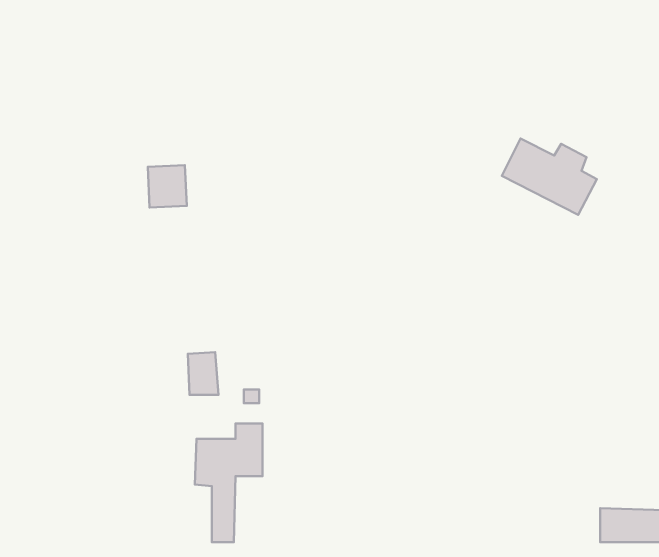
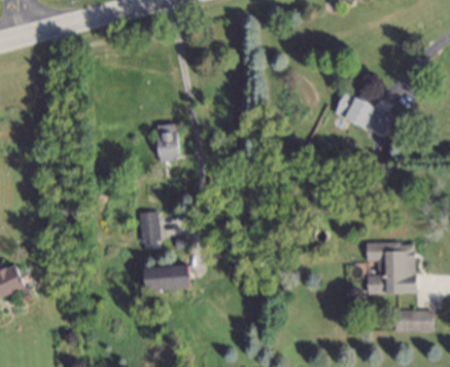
building: [148,165,187,208] -> [157,135,180,160]
building: none -> [366,245,415,296]

